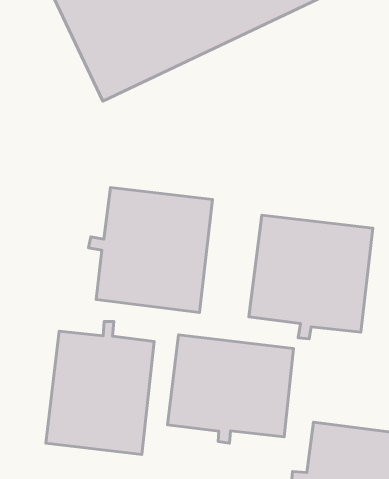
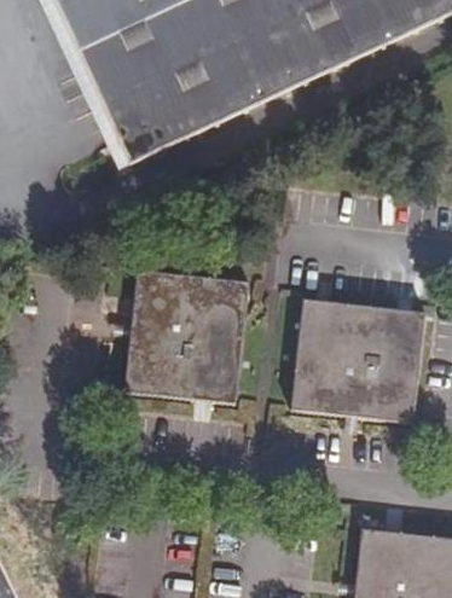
building: [46,321,154,455] -> none
building: [168,335,293,443] -> none

